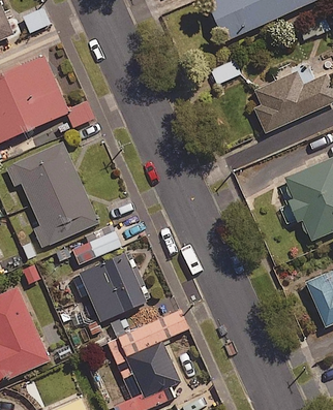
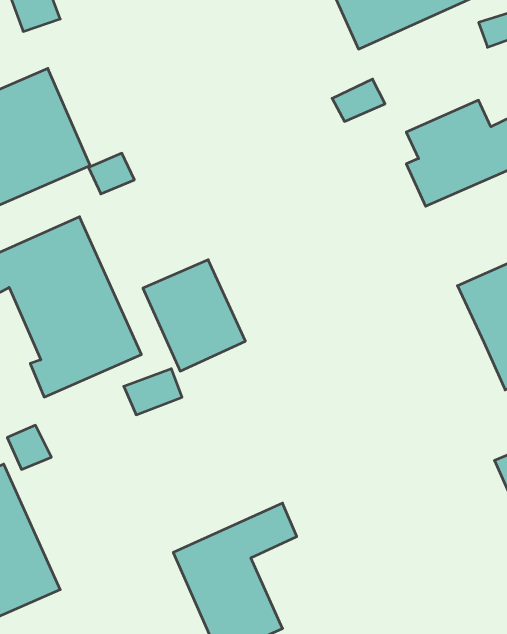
building: [85,252,145,317] -> [143,260,245,371]

